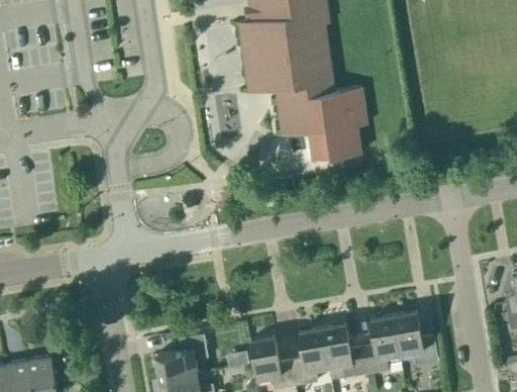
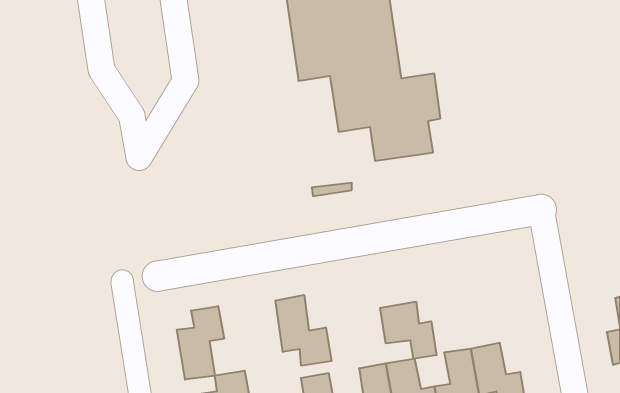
building: none -> [276,295,331,366]
building: none -> [380,302,436,359]
building: none -> [177,306,224,380]

